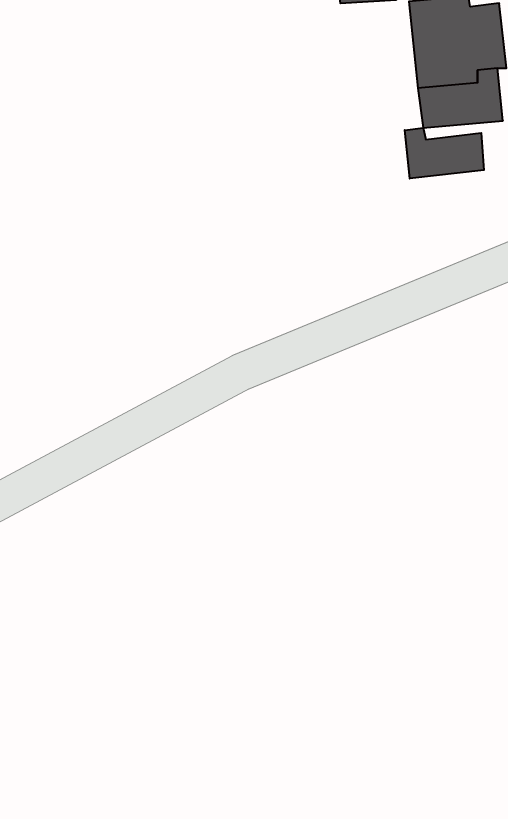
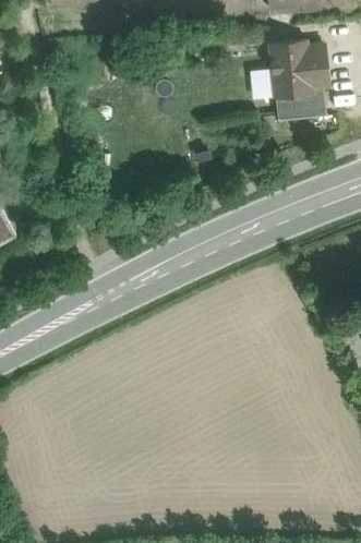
building: [405,128,484,179] -> none

